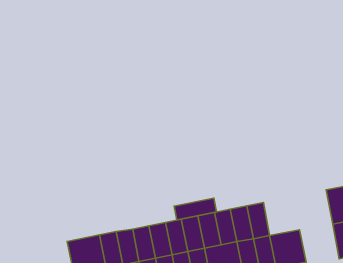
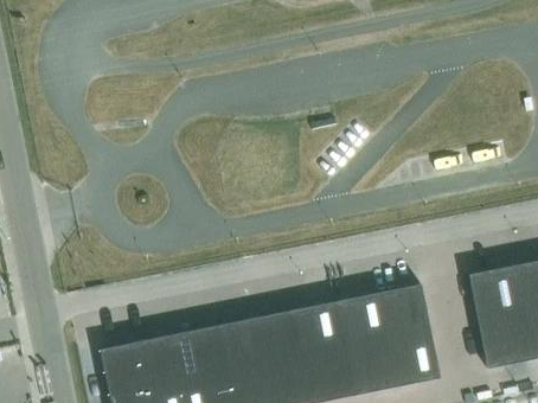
building: none -> [379,284,430,340]
building: [174,198,216,220] -> none

